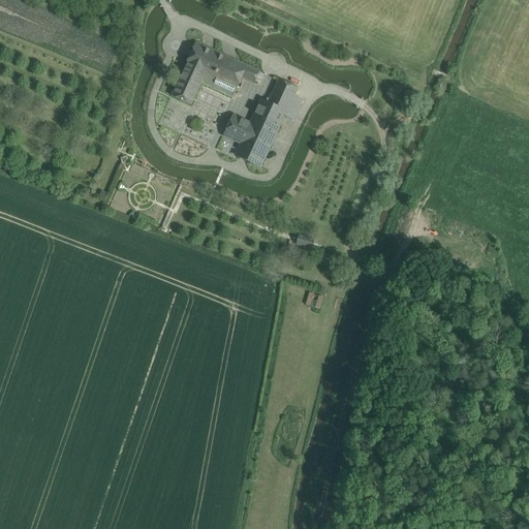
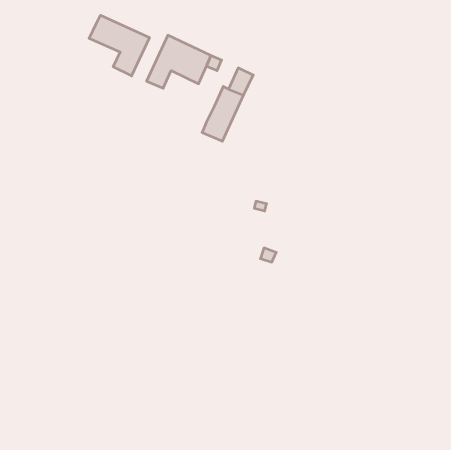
building: none -> [89,15,149,76]
building: [224,116,251,143] -> none

